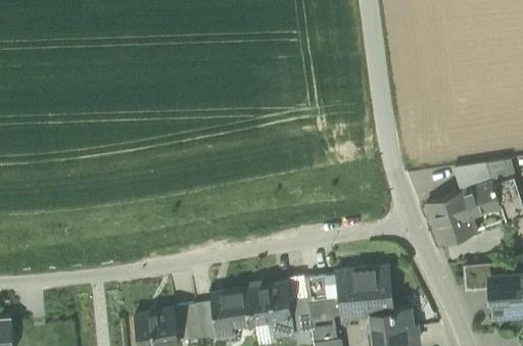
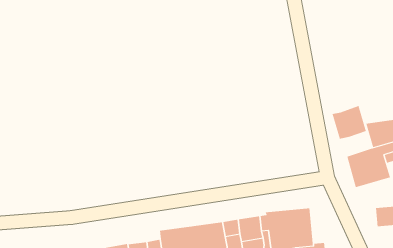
building: none -> [332,105,367,140]

